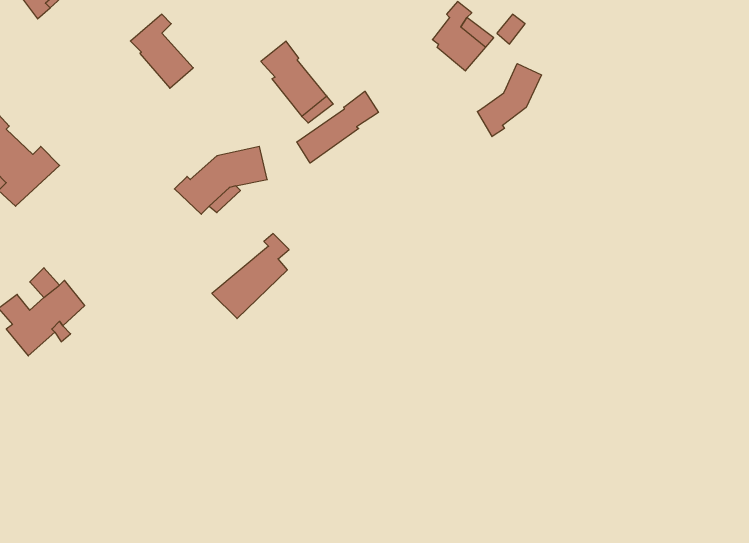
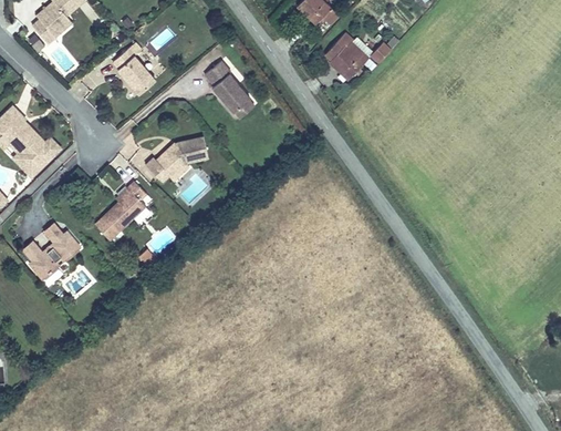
building: [477,64,542,137] -> none
building: [297,91,378,163] -> none
building: [212,234,289,319] -> [93,181,147,240]

